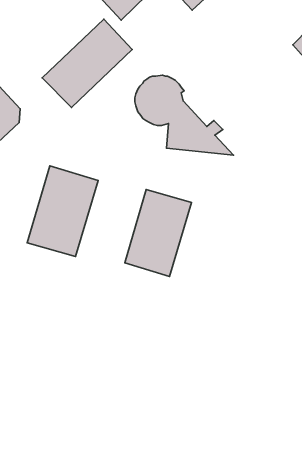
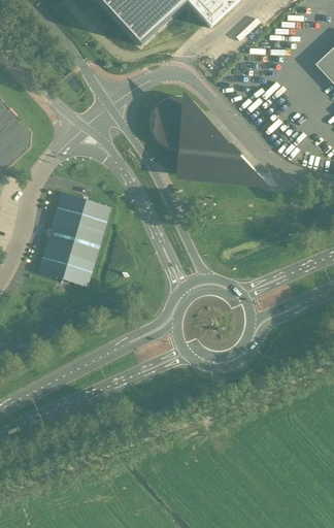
building: [42,19,132,108] -> none
building: [125,190,191,276] -> none

